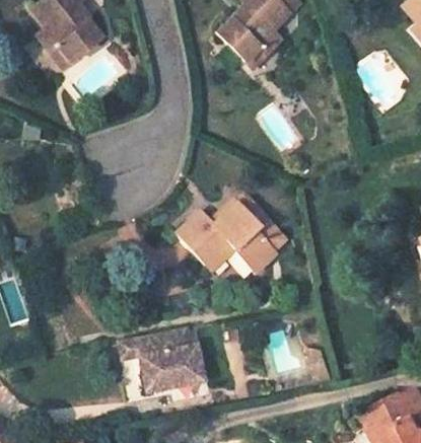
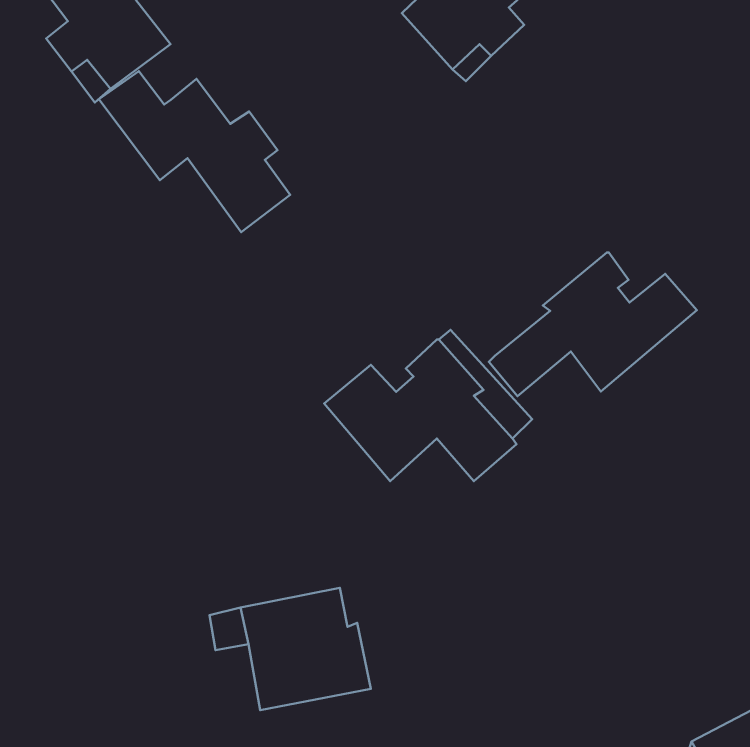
building: none -> [99,71,290,232]
building: none -> [489,252,697,396]

